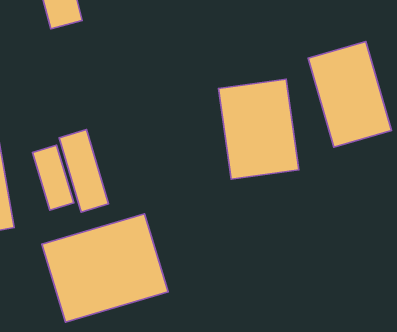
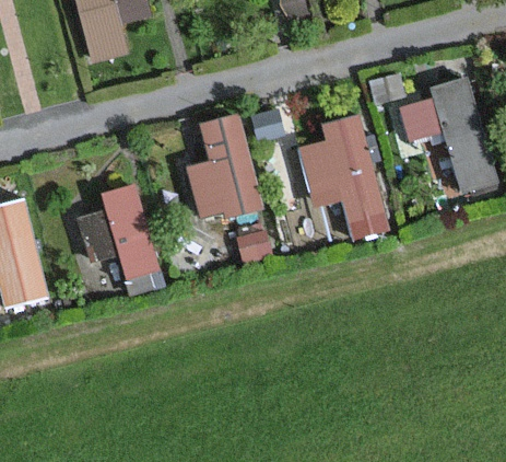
building: none -> [181,111,263,219]
building: [42,214,168,322] -> none

